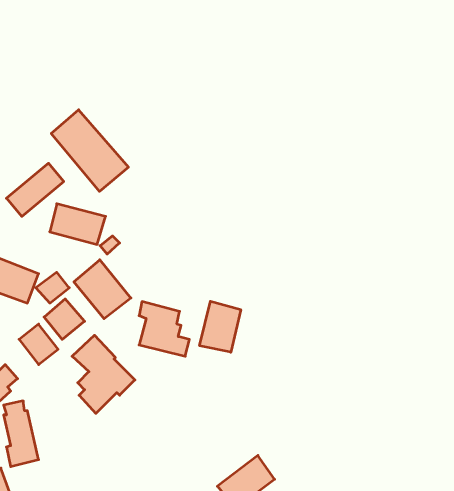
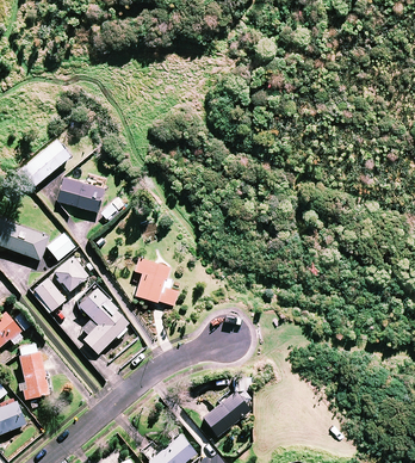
building: [51,110,128,191] -> none
building: [74,260,131,319] -> none
building: [200,301,241,352] -> none

